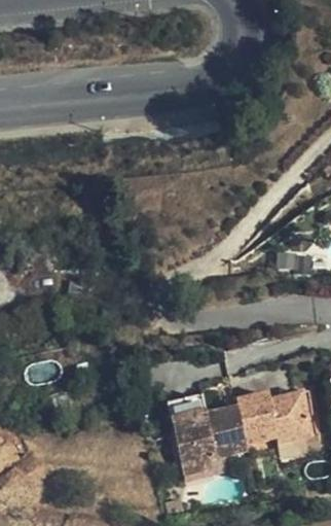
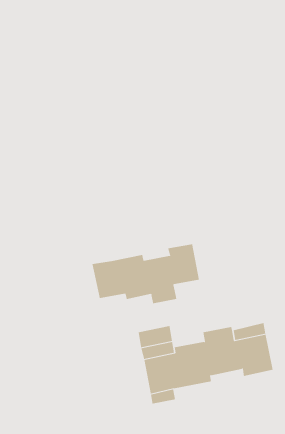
building: none -> [92,243,200,304]

